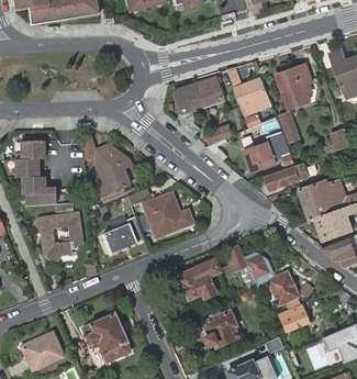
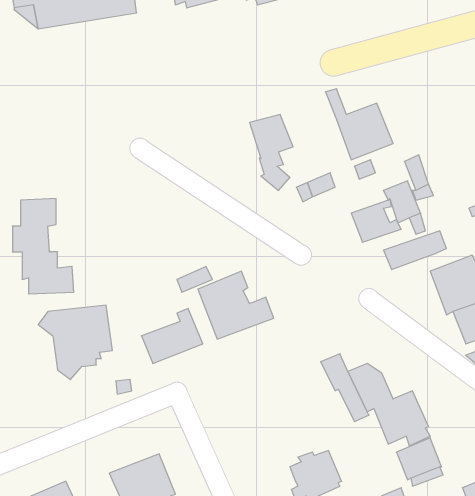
building: [281,63,314,108] -> none
building: [198,76,227,105] -> none
building: [85,134,131,194] -> none
building: [177,260,219,299] -> none

